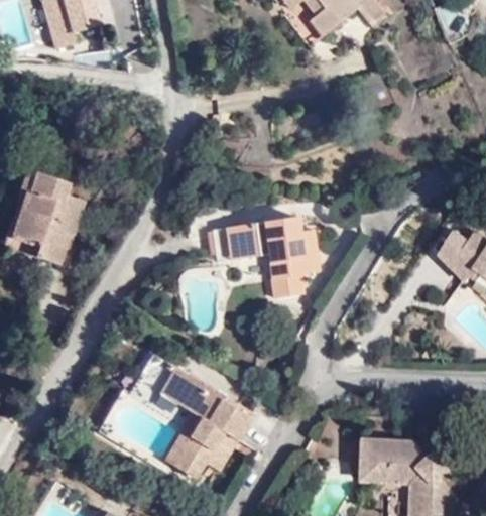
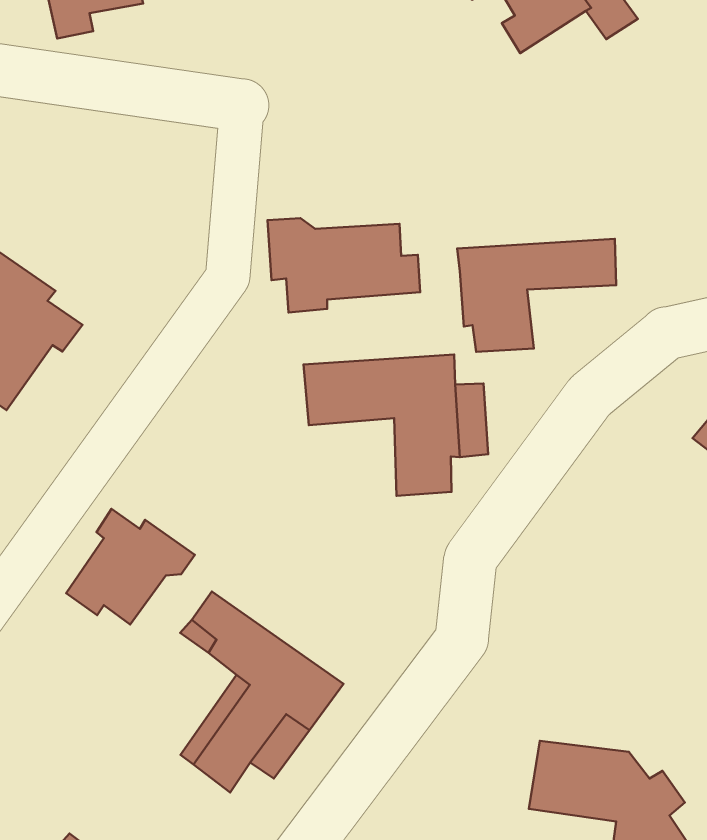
building: none -> [457,239,616,352]
building: none -> [267,218,420,313]
building: none -> [66,509,195,625]

